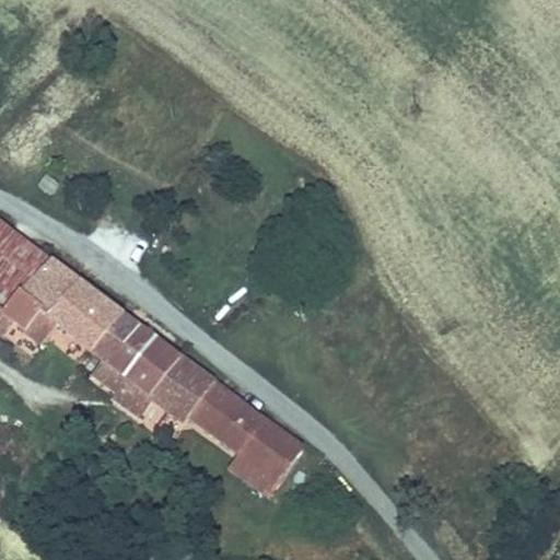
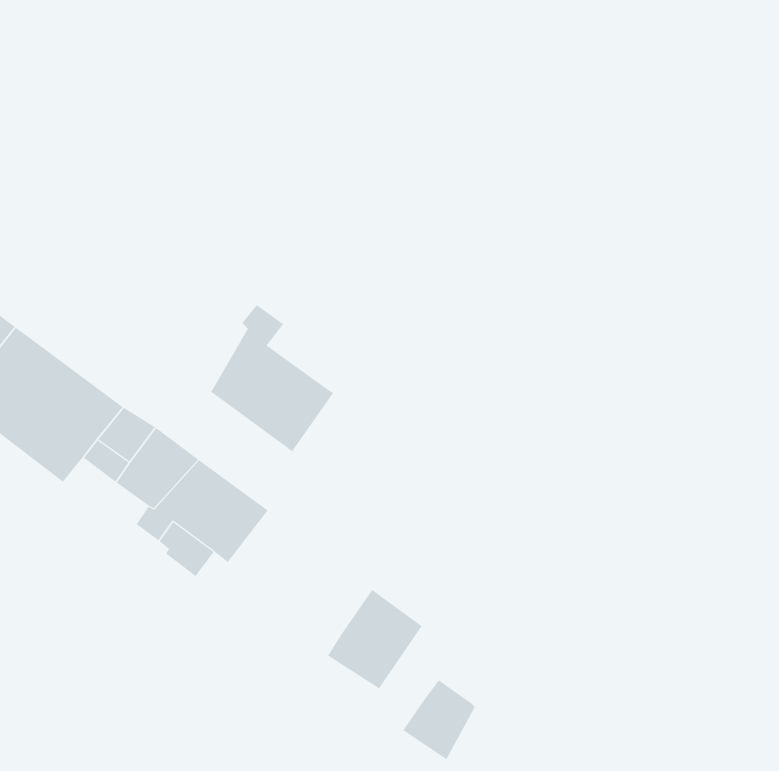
building: none -> [211,304,334,452]
building: [162,362,264,450] -> none
building: none -> [403,679,476,760]

